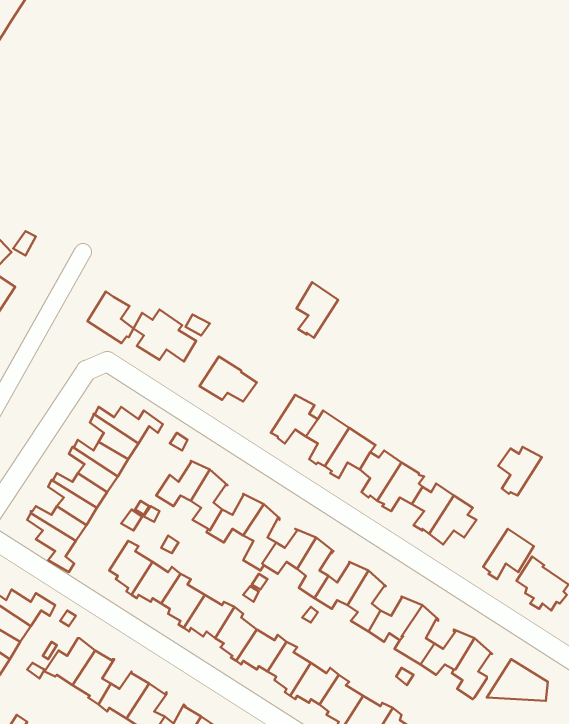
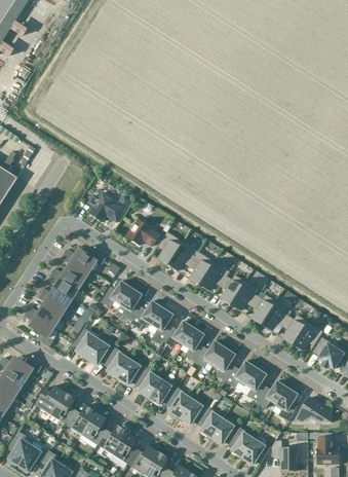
building: [296,282,338,338] -> [158,231,183,264]
building: [88,292,133,343] -> none
building: [498,447,542,496] -> [282,315,308,343]

